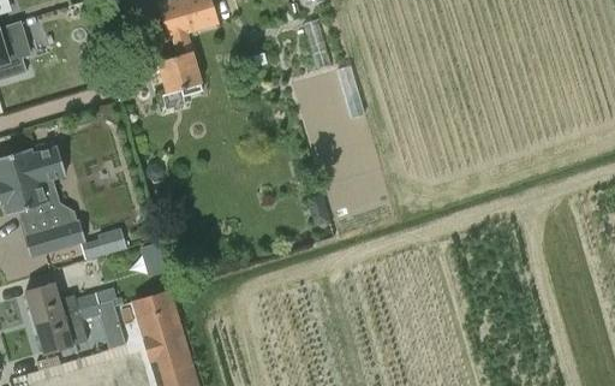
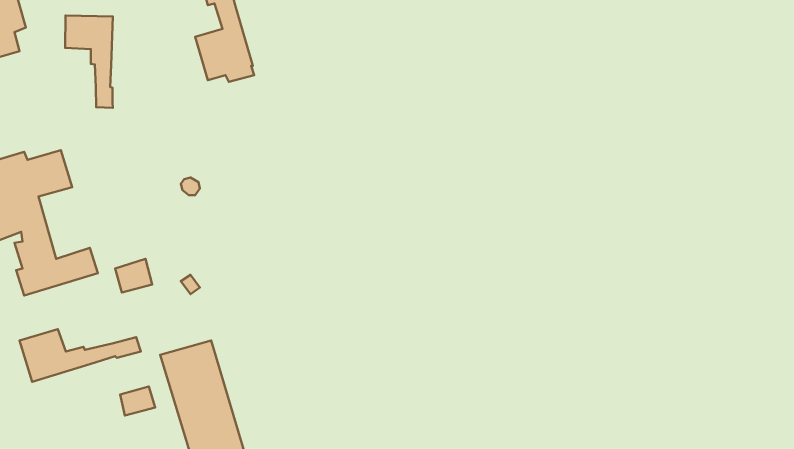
building: none -> [65,15,113,108]
building: [35,301,115,354] -> none

